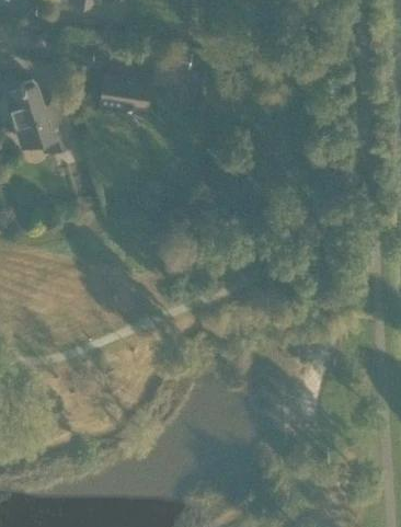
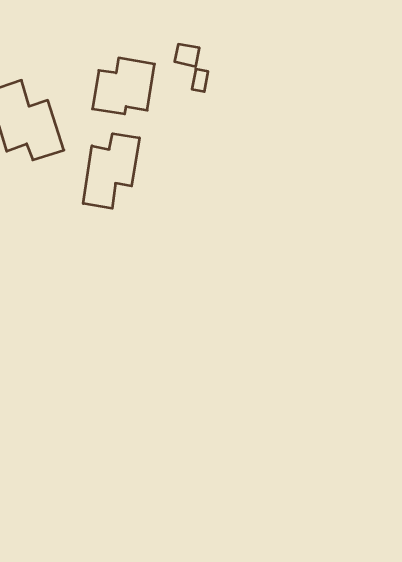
building: none -> [83,134,139,208]

